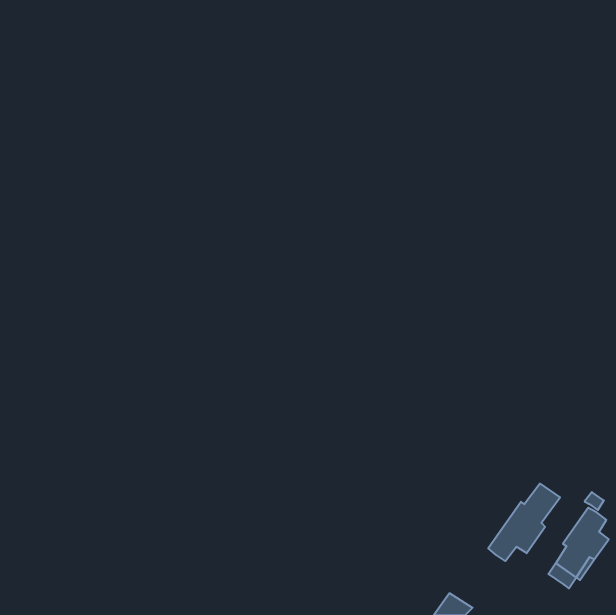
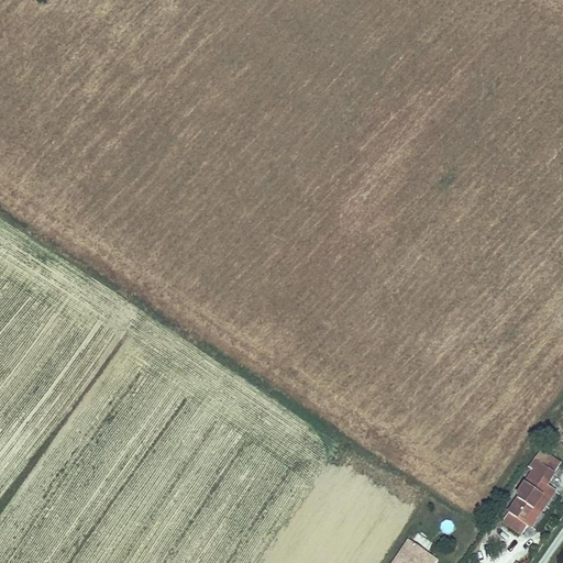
building: [488,484,560,561] -> none

